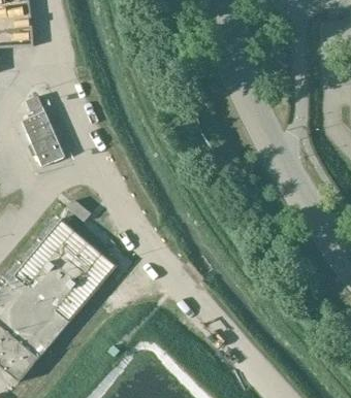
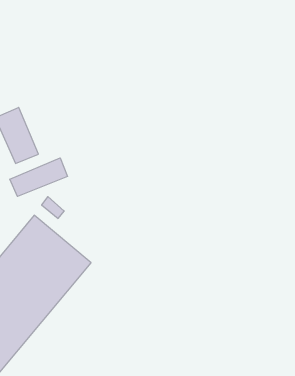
building: none -> [10,158,68,196]

